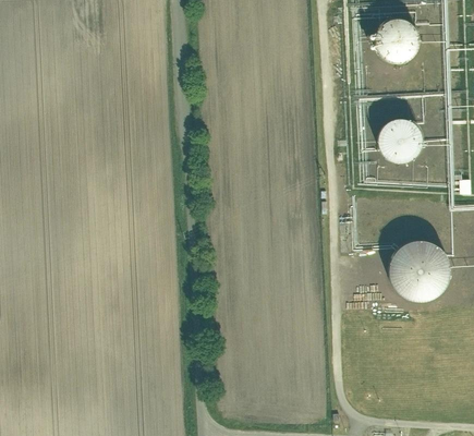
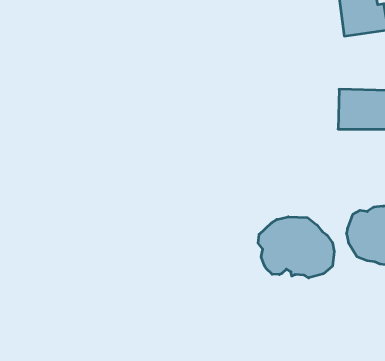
building: none -> [258,217,334,278]

